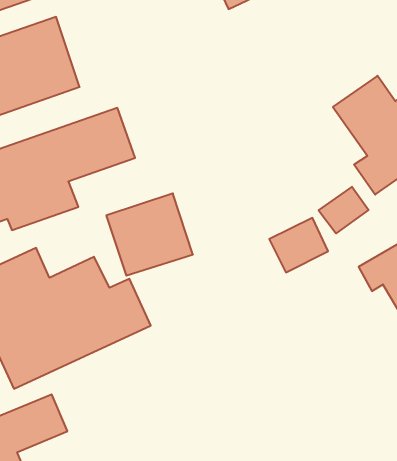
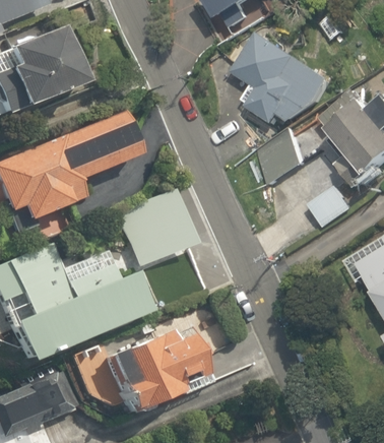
building: none -> [233,24,346,123]
building: [269,218,328,272] -> [250,132,304,182]
building: none -> [67,322,212,421]

